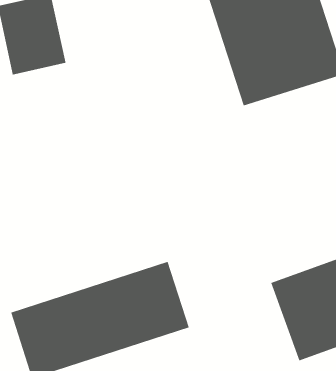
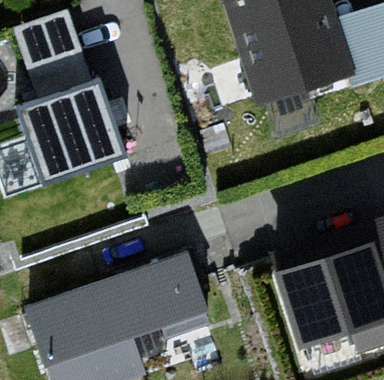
building: none -> [29,86,132,185]

